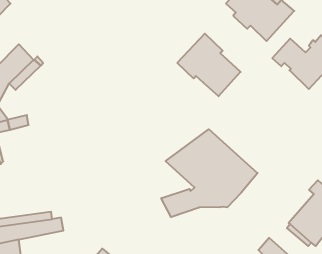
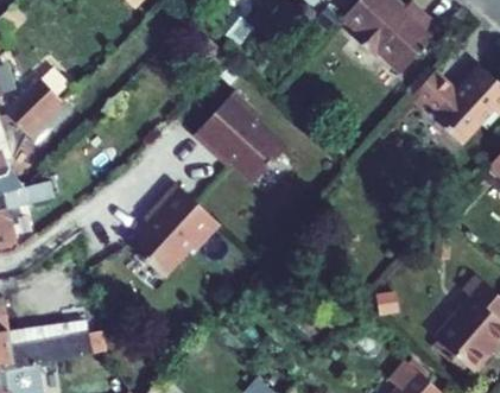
building: [177,34,241,96] -> [195,90,287,182]
building: none -> [128,184,220,277]
building: [161,129,258,217] -> none

